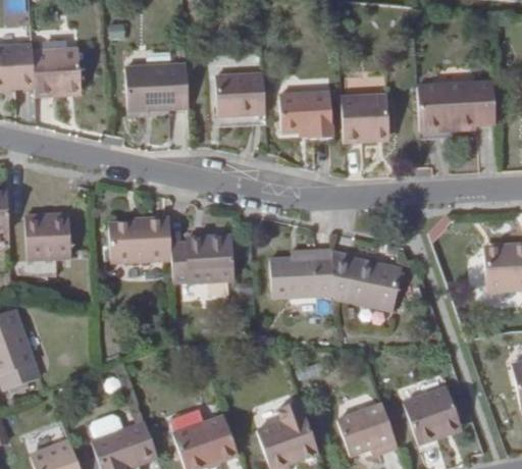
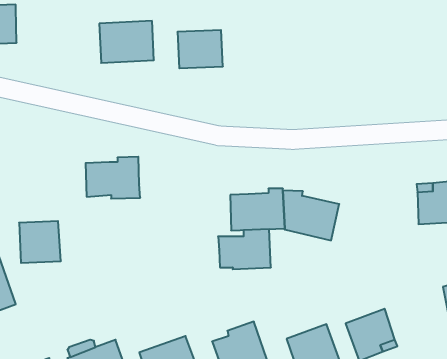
building: [33,47,83,97] -> none
building: [417,82,495,131] -> none
building: [281,93,330,139] -> none
building: [341,93,387,141] -> none
building: [24,213,71,260] -> [19,221,61,263]
building: [171,238,230,282] -> [218,229,271,269]

